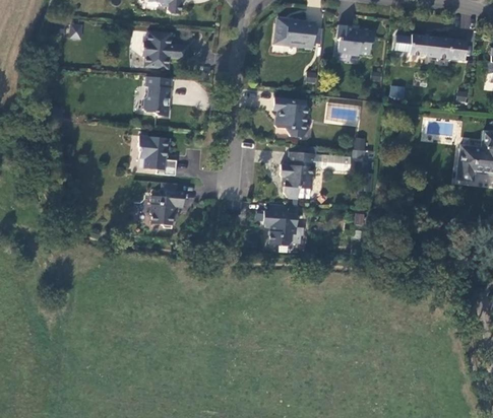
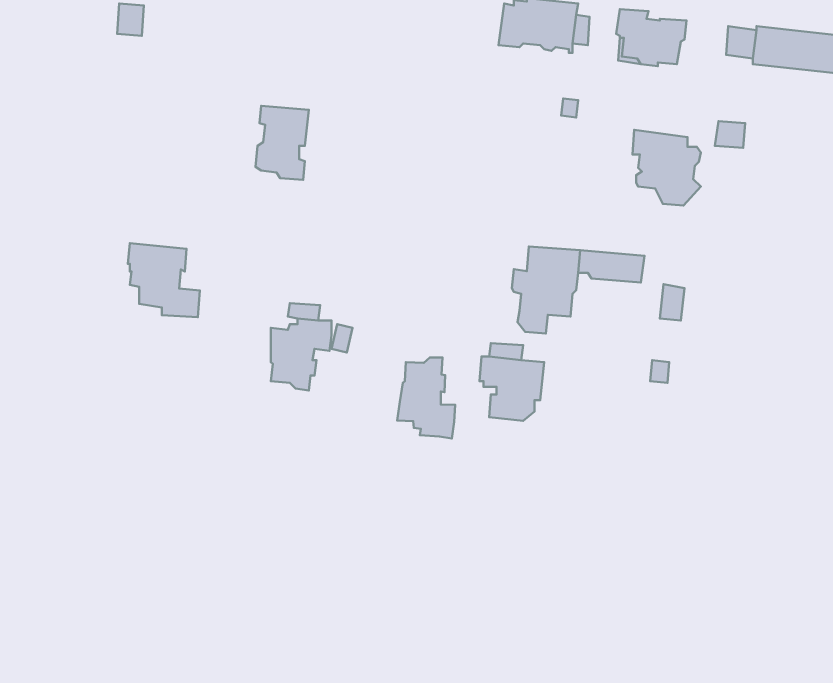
building: [140,31,186,68] -> none
building: [272,96,309,137] -> [632,130,701,206]
building: [137,135,176,175] -> [128,243,200,317]
building: none -> [397,358,455,439]

